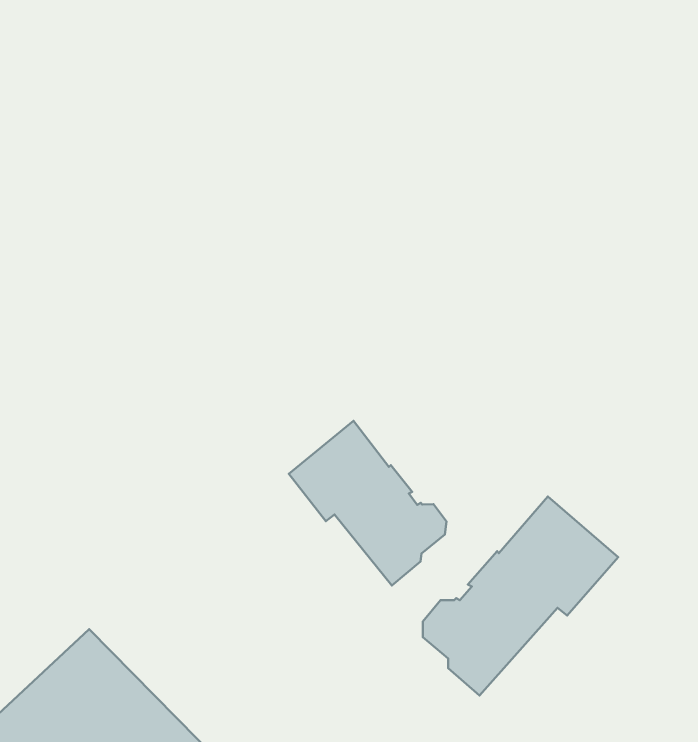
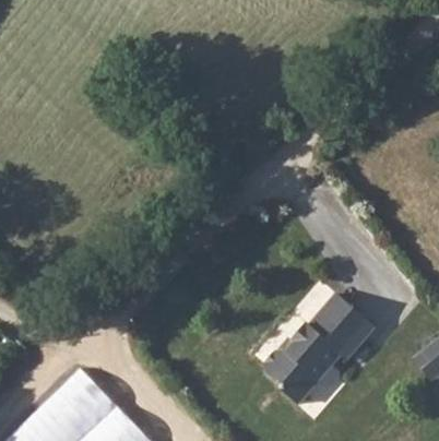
building: [289,421,446,586] -> none

